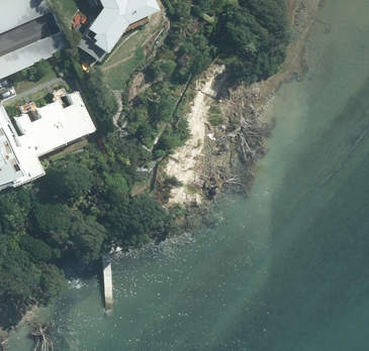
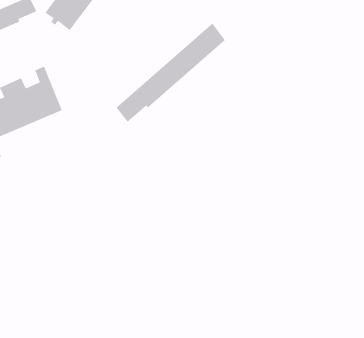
building: none -> [116,22,226,123]

